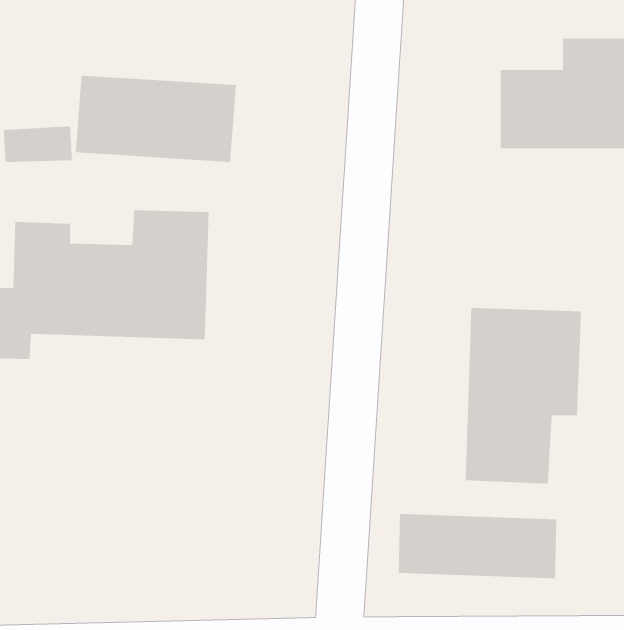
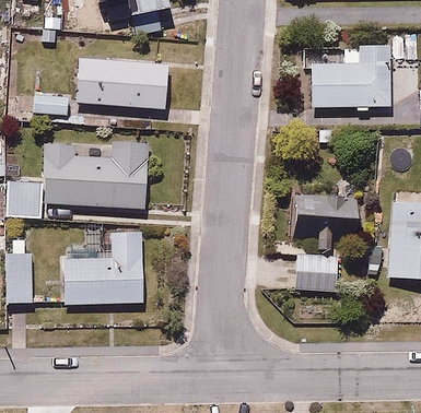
building: none -> [65,229,145,306]
building: [398,513,557,579] -> none

